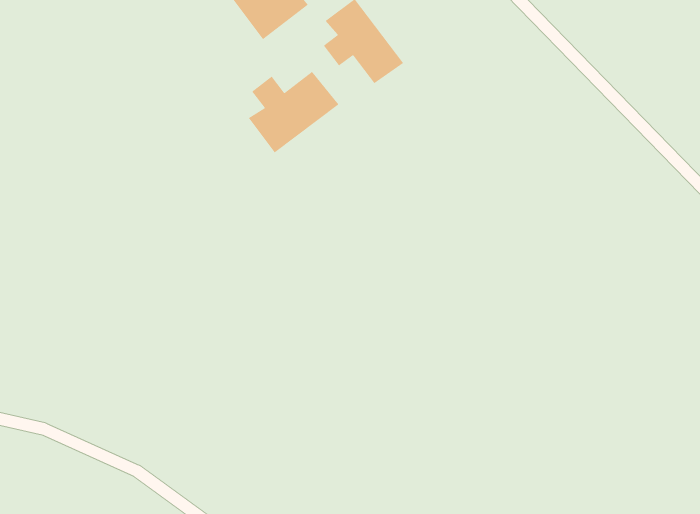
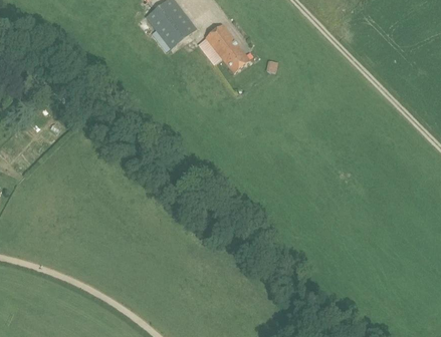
building: [248,71,339,153] -> none

